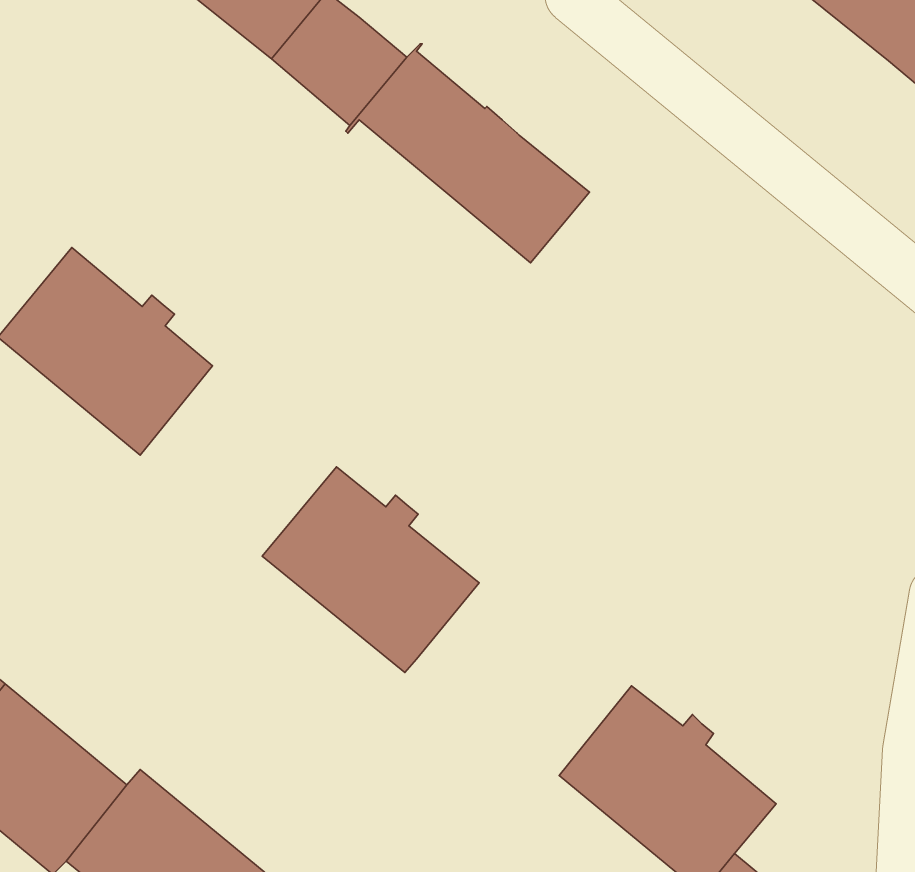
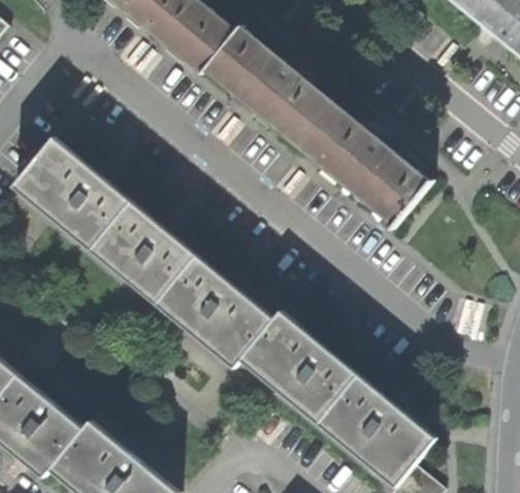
building: none -> [301,106,430,229]
building: none -> [90,200,196,303]
building: none -> [239,310,356,422]

